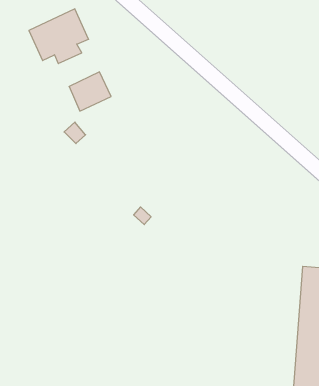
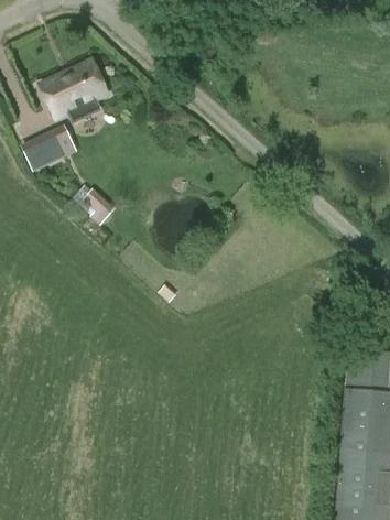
building: [69,72,111,111] -> [21,129,68,173]

